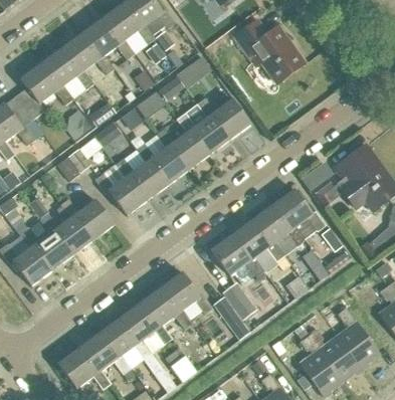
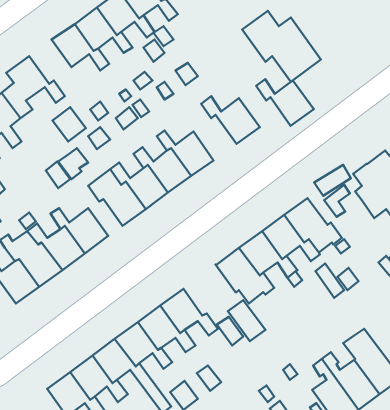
building: [42,46,95,89] -> none
building: [178,114,230,156] -> [256,79,314,126]

